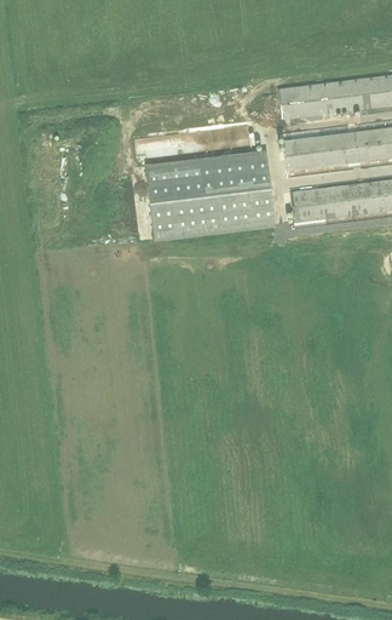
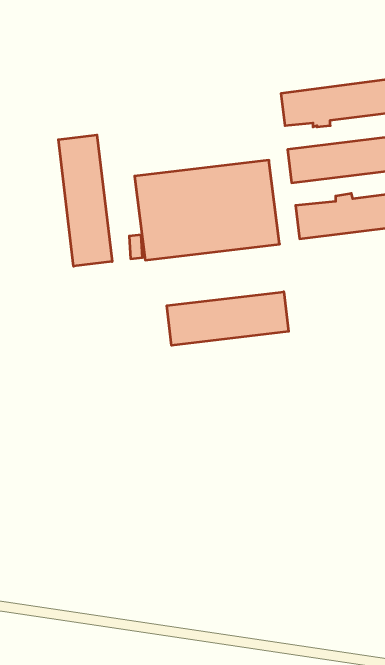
building: none -> [58,135,112,266]
building: none -> [167,292,289,345]

